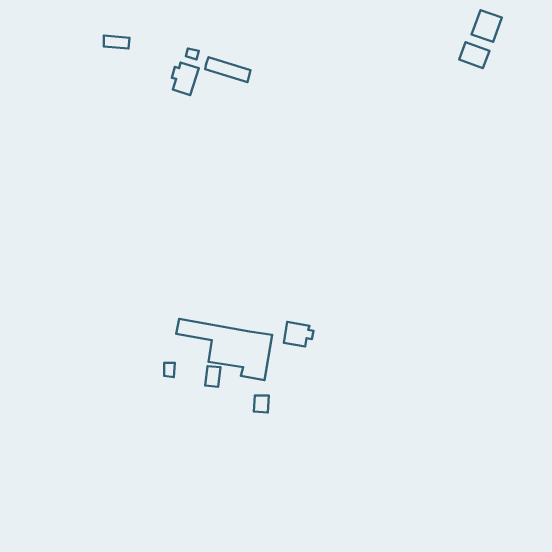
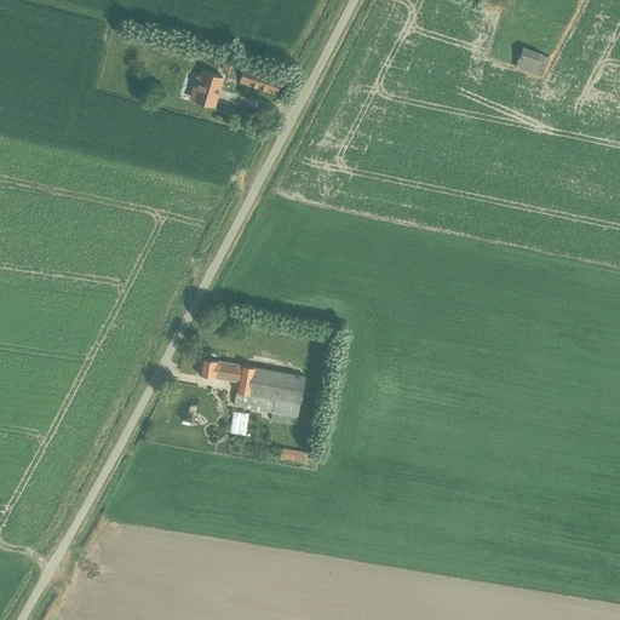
building: [472,10,502,42] -> none
building: [284,322,313,347] -> none

